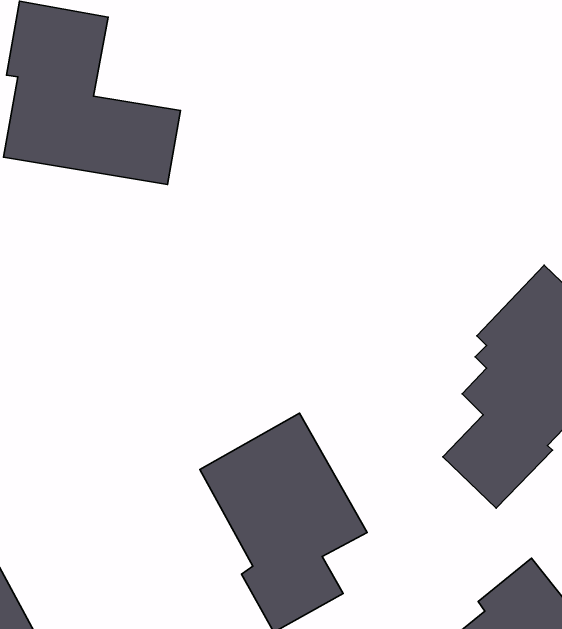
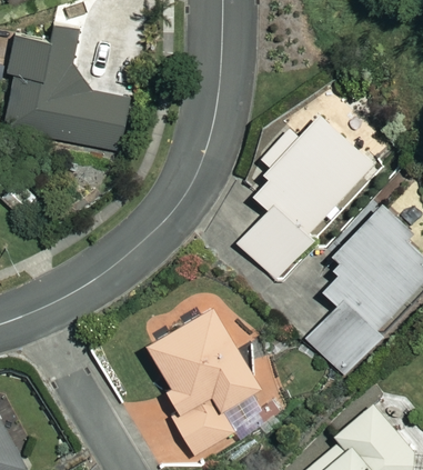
building: none -> [239,111,377,282]

